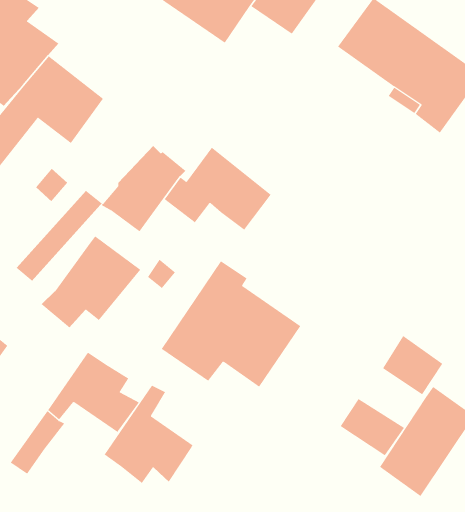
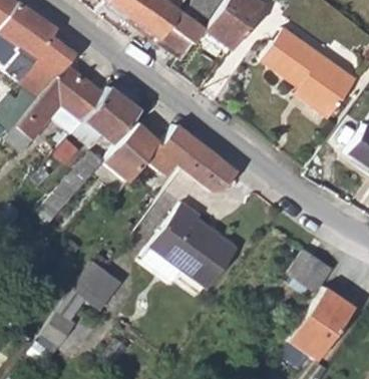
building: none -> [199,156,237,192]
building: [41,236,141,328] -> [73,85,140,147]
building: [104,385,193,484] -> none
building: [340,398,405,456] -> none

